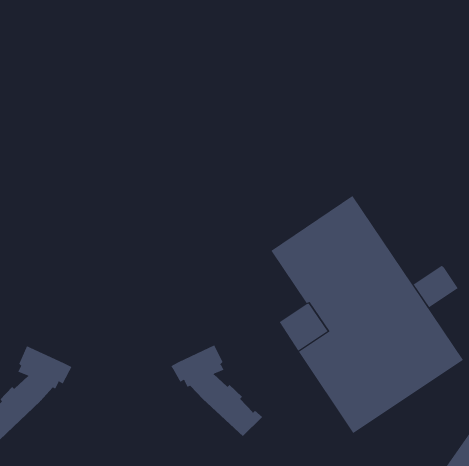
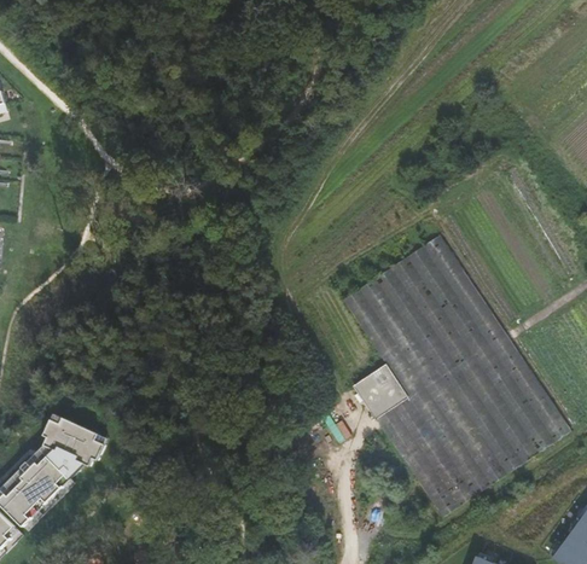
building: [413,265,459,308] -> none
building: [171,344,263,437] -> none

